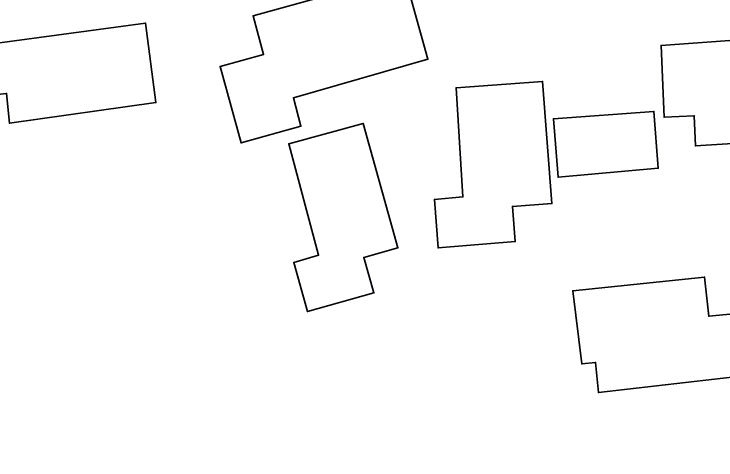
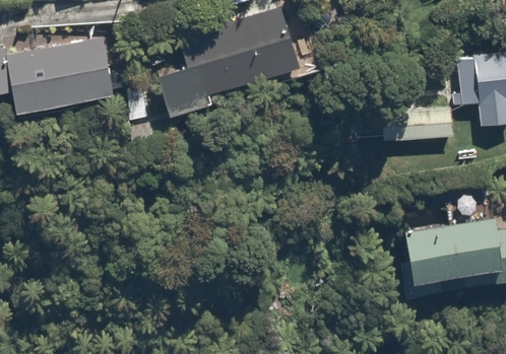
building: [434,81,552,248] -> none
building: [289,123,398,312] -> none

